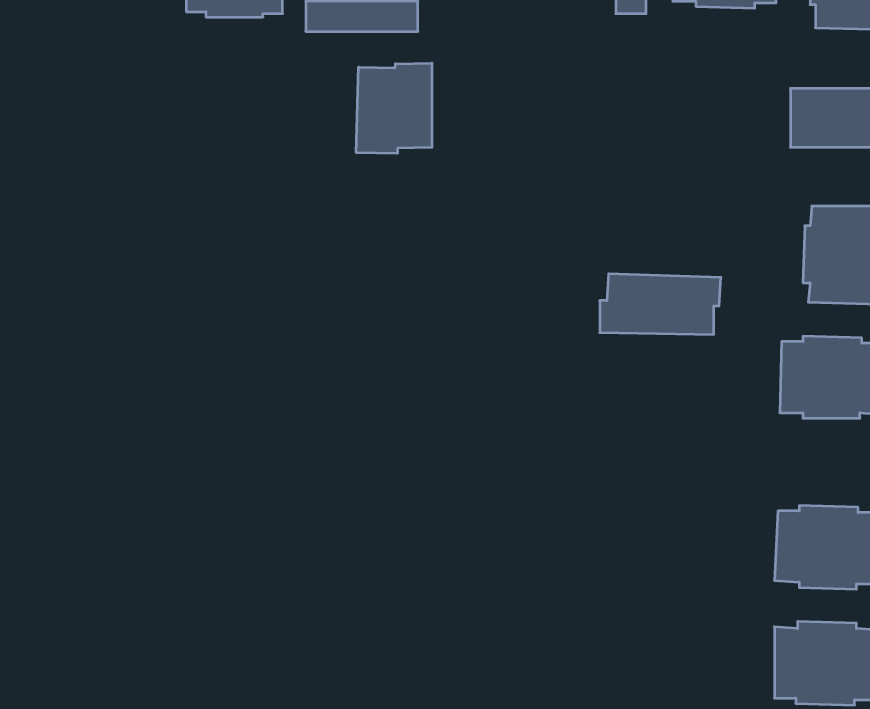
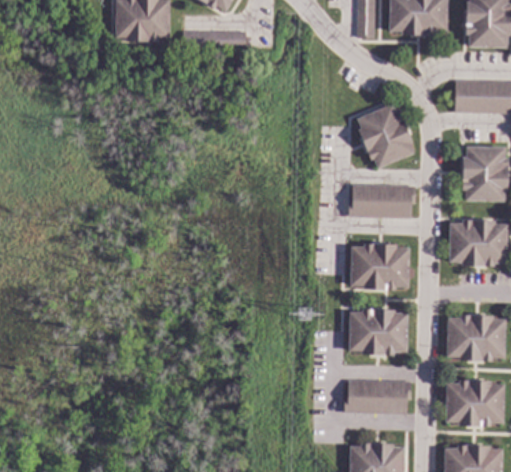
building: [356,63,432,153] -> none
building: none -> [357,103,414,168]
building: none -> [350,243,409,290]
building: none -> [349,308,408,354]
building: none -> [344,380,411,414]

